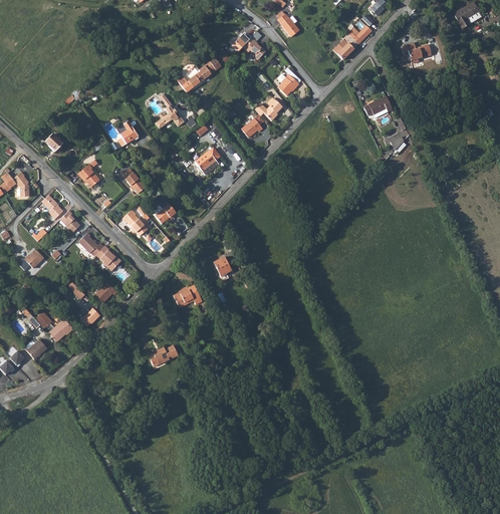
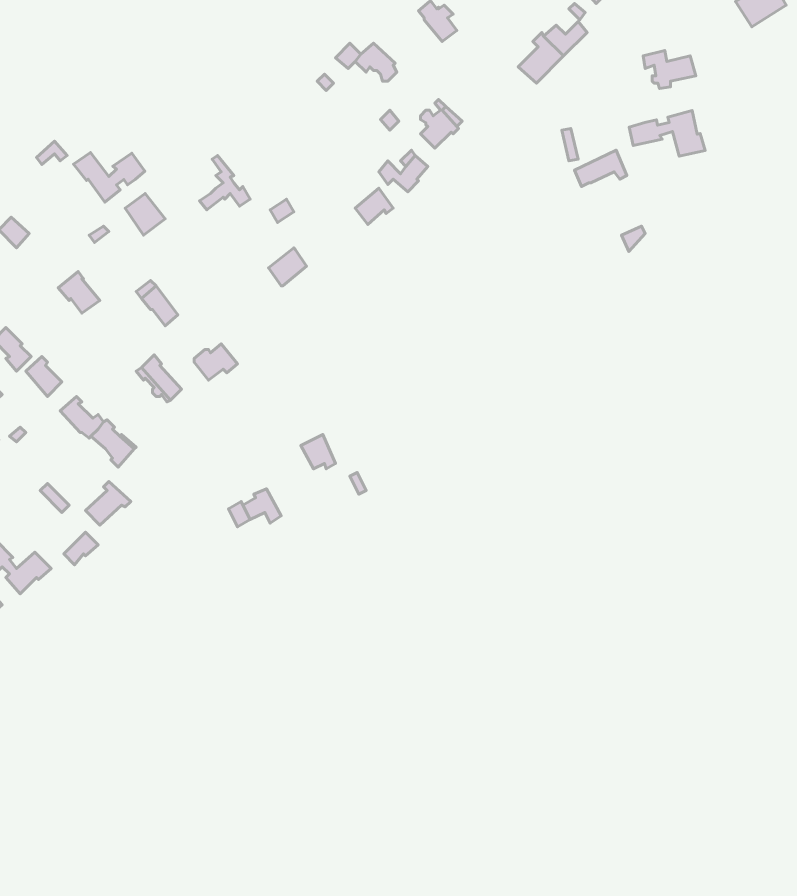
building: [177,57,221,91] -> none
building: none -> [629,111,705,156]
building: none -> [73,153,145,202]
building: [147,344,179,368] -> none

